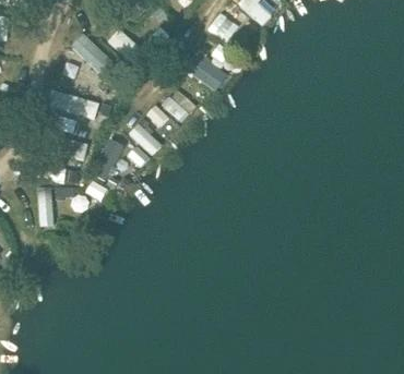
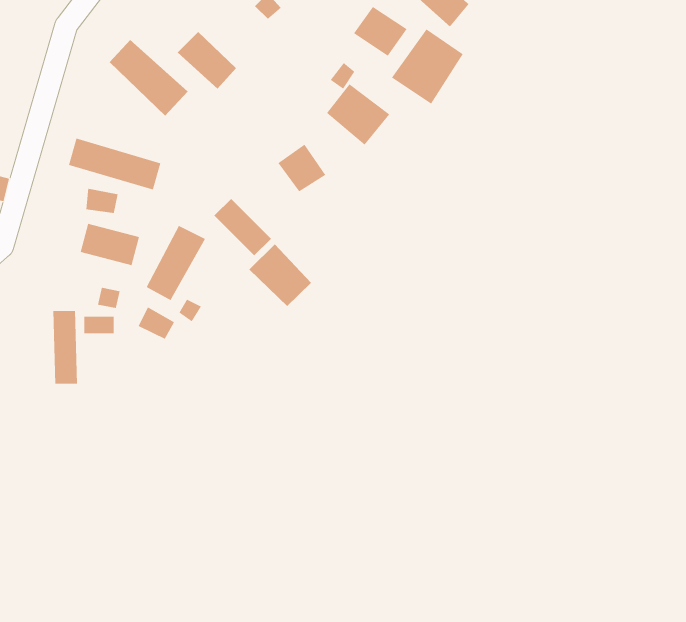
building: none -> [391,29,463,105]
building: none -> [249,243,312,307]

